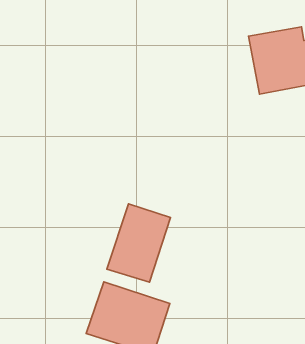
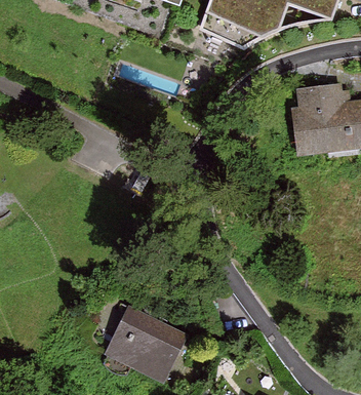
building: [107,204,170,282] -> none

